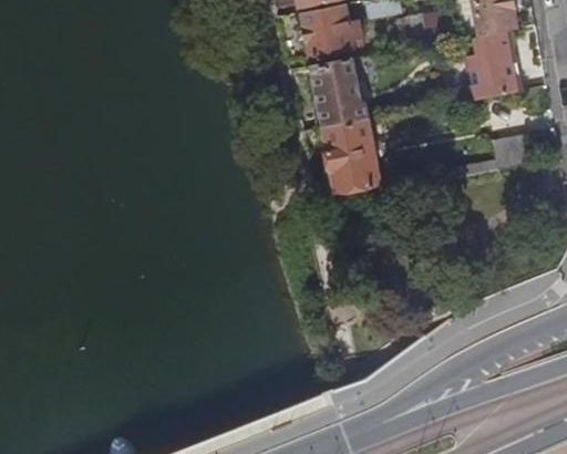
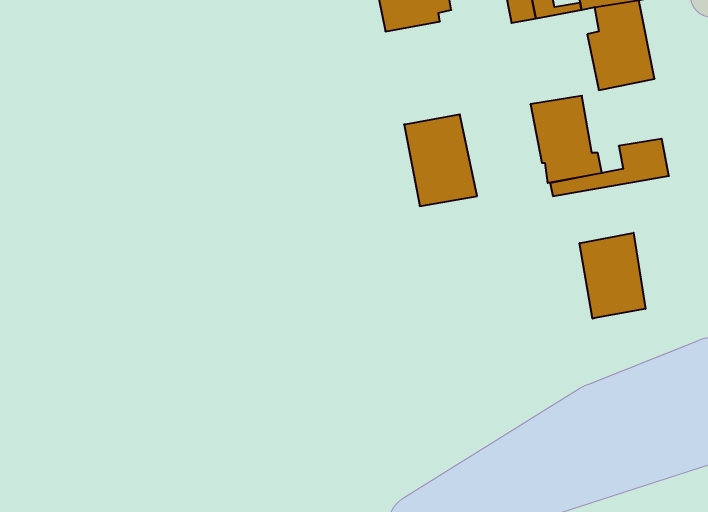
building: [312,59,368,126] -> [530,96,602,183]
building: none -> [580,233,645,319]

